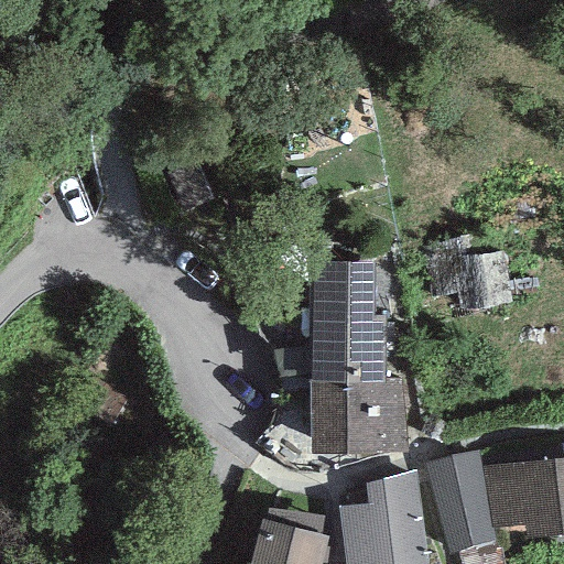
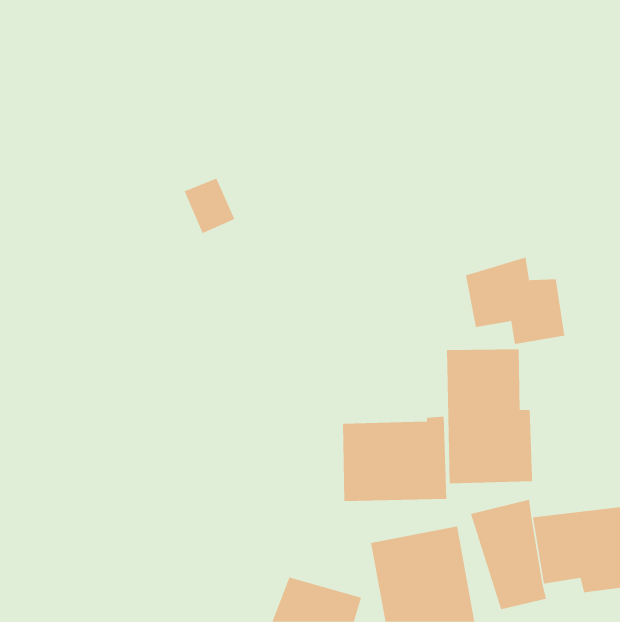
building: [310,261,388,383] -> [446,349,533,484]

